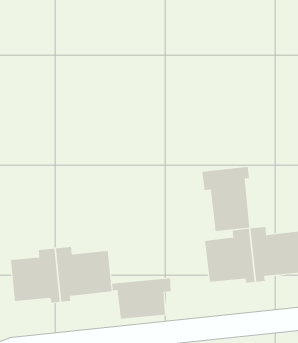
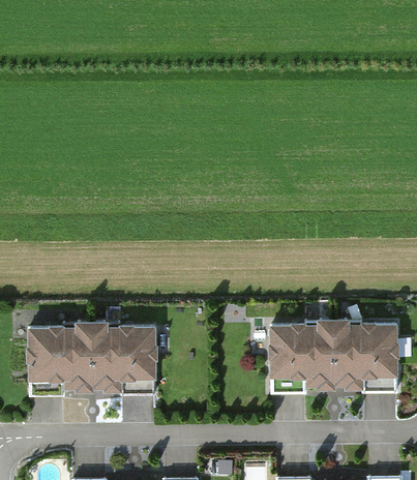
building: [202,166,250,232] -> none
building: [112,278,171,319] -> none

